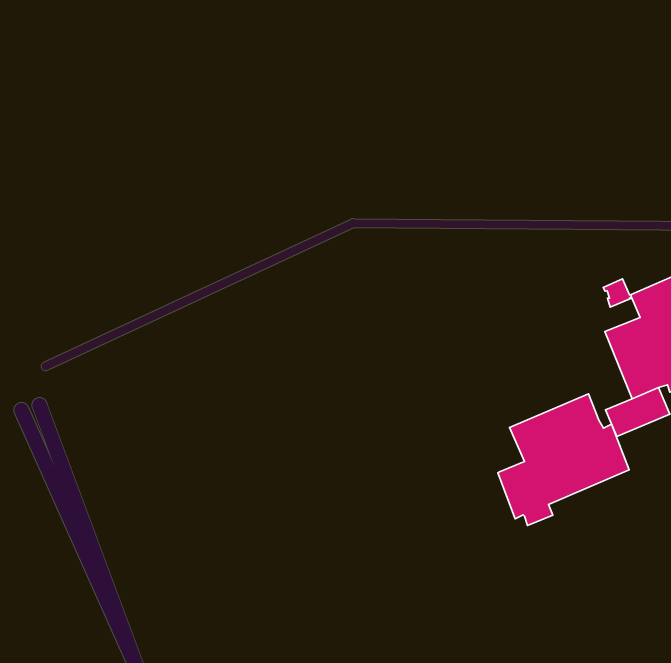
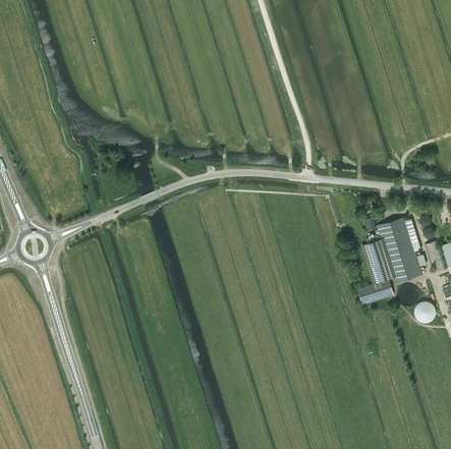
building: [498,394,629,525] -> none

